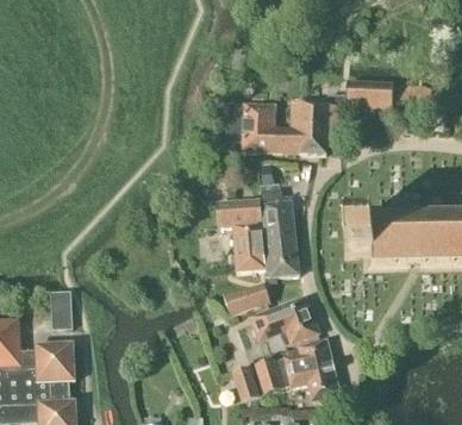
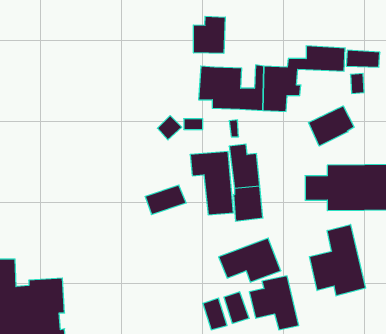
building: none -> [194,16,225,53]
building: none -> [309,106,354,146]
building: [224,280,270,313] -> [145,185,186,215]
building: none -> [309,224,365,296]
building: [50,289,73,327] -> none

